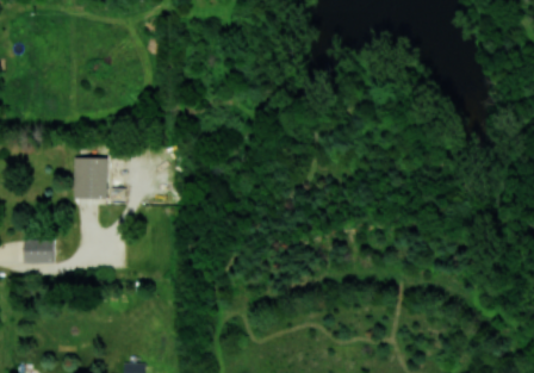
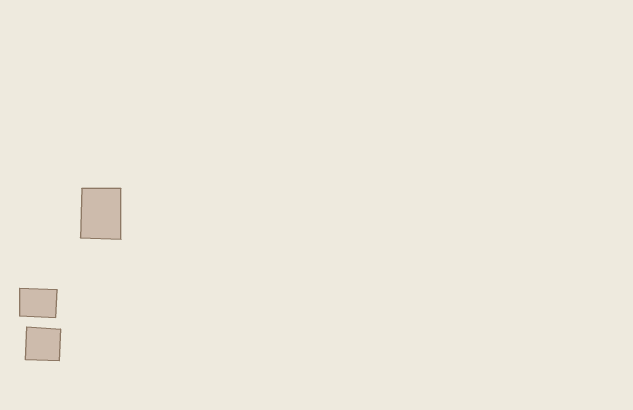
building: none -> [26,327,60,361]

